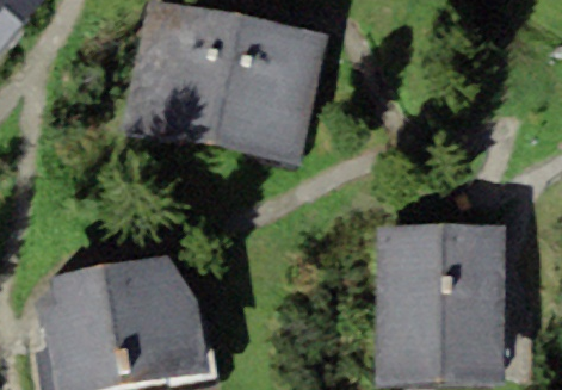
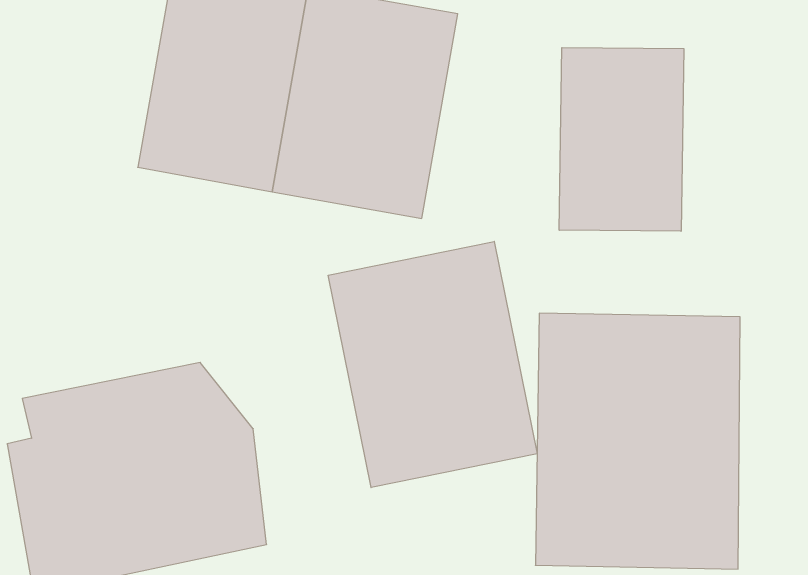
building: none -> [559,48,684,231]
building: none -> [328,241,537,488]

